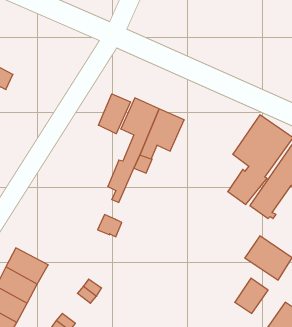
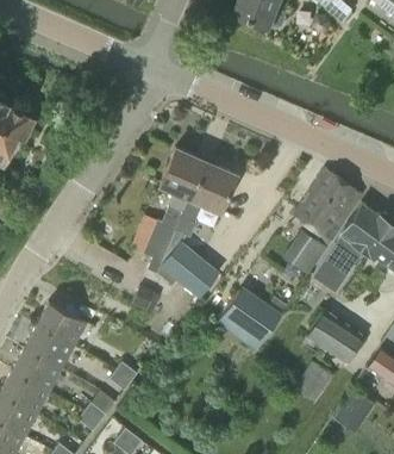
building: [98,94,130,134] -> none
building: none -> [157,243,217,296]
building: none -> [218,288,280,348]
building: none -> [36,301,86,346]

